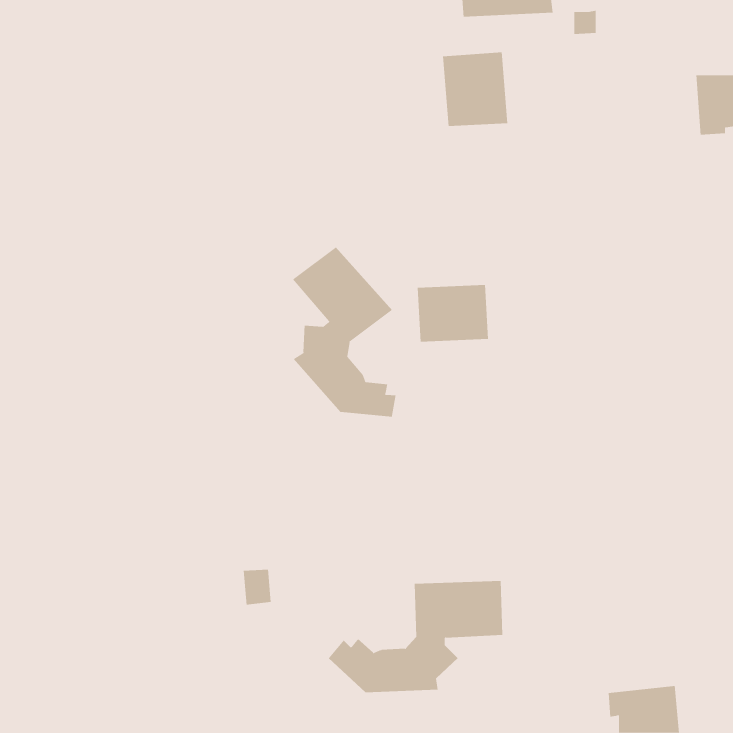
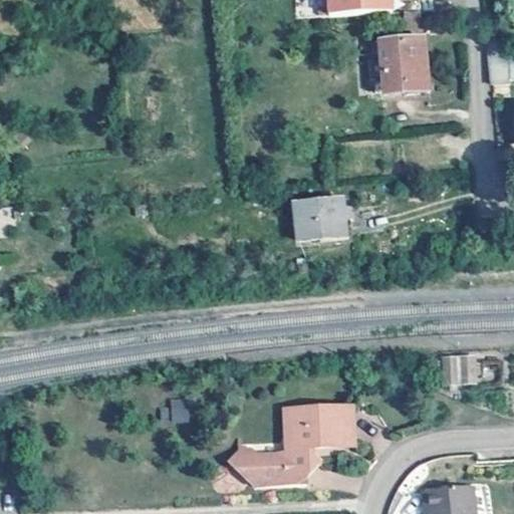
building: [442,52,508,127] -> [378,38,425,90]
building: [292,246,396,417] -> none
building: none -> [443,353,479,384]

